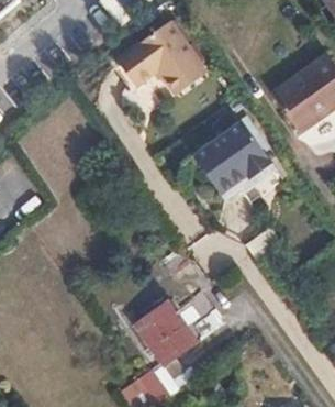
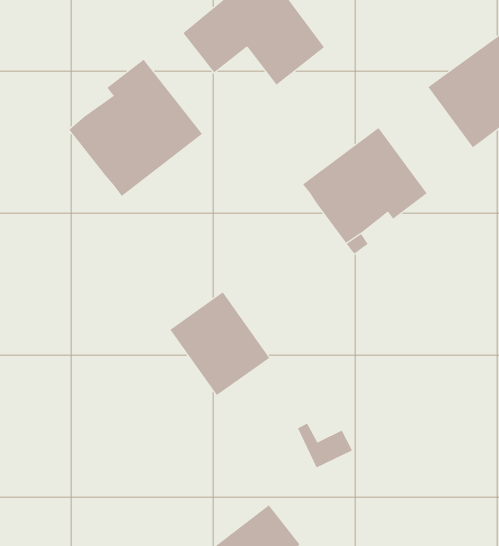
building: none -> [69,59,203,197]
building: [132,297,196,363] -> [169,292,270,396]

